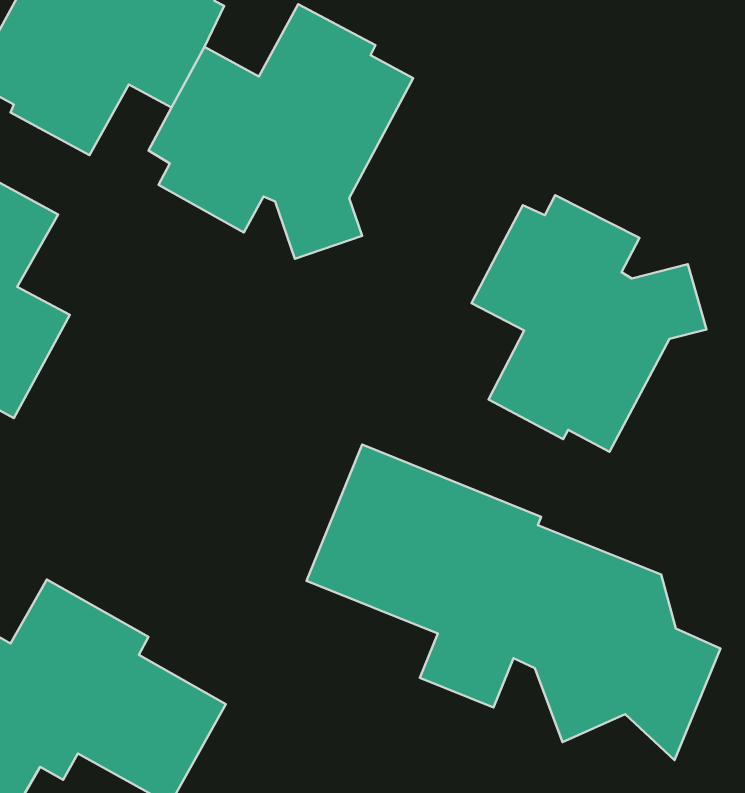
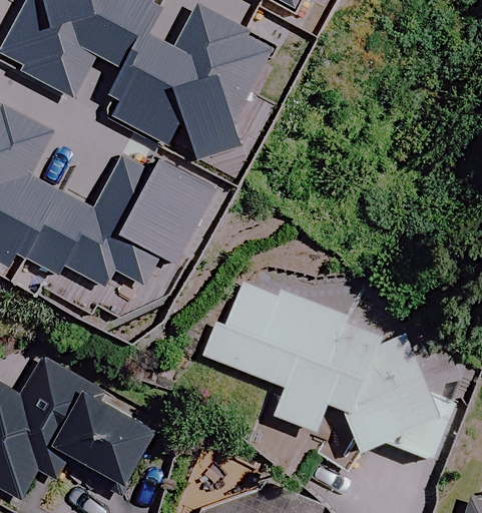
building: [471,195,706,452] -> none
building: none -> [25,155,214,286]

